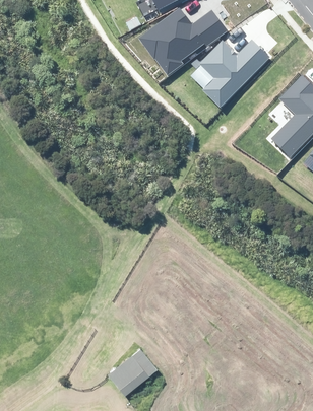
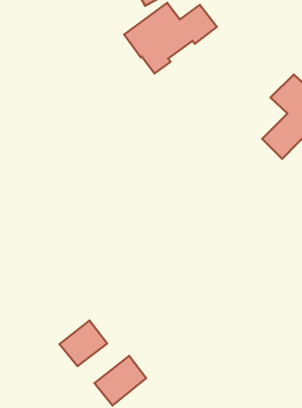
building: [198,40,269,108] -> none
building: none -> [59,321,107,366]

